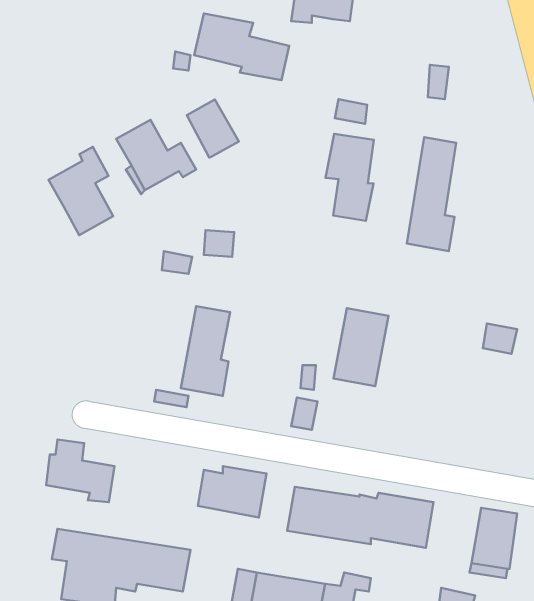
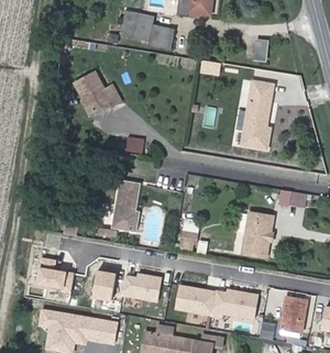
building: [187,100,239,158] -> none
building: [326,134,374,221] -> none
building: [48,147,113,235] -> none
building: [333,308,389,386] -> [242,212,274,257]
building: none -> [90,271,117,301]

